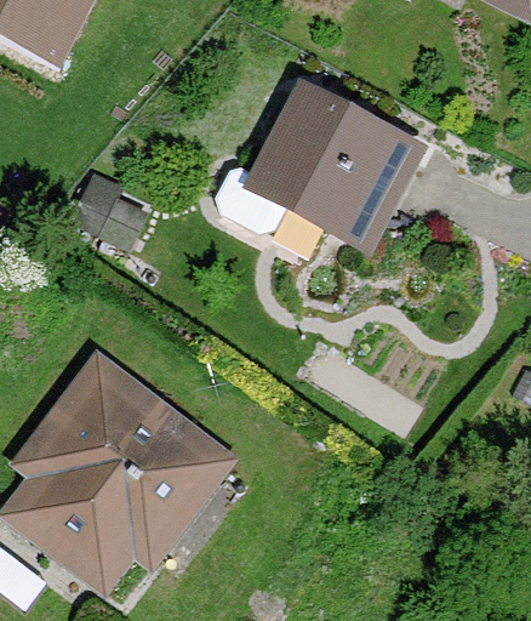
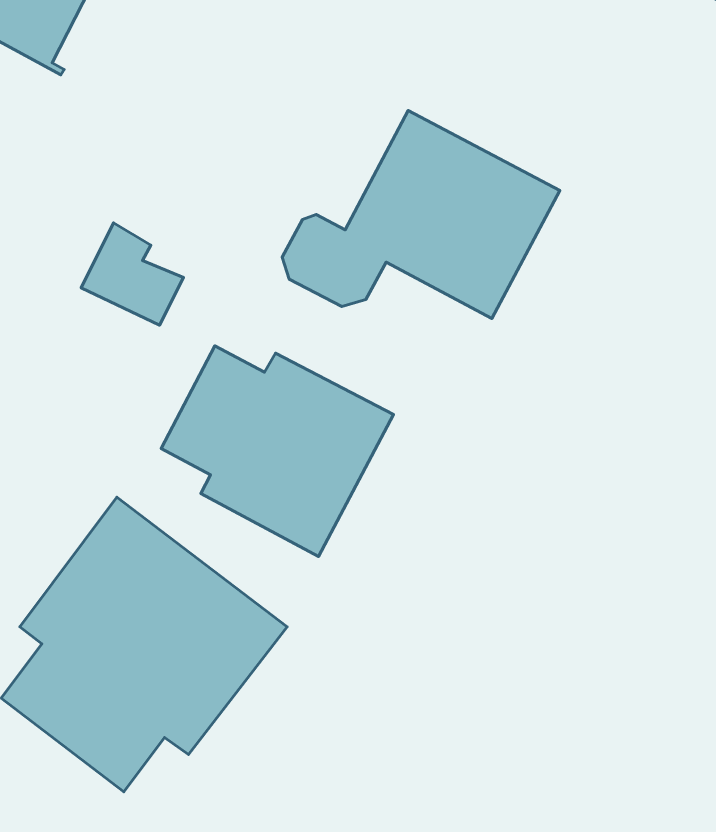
building: none -> [161,346,394,556]

